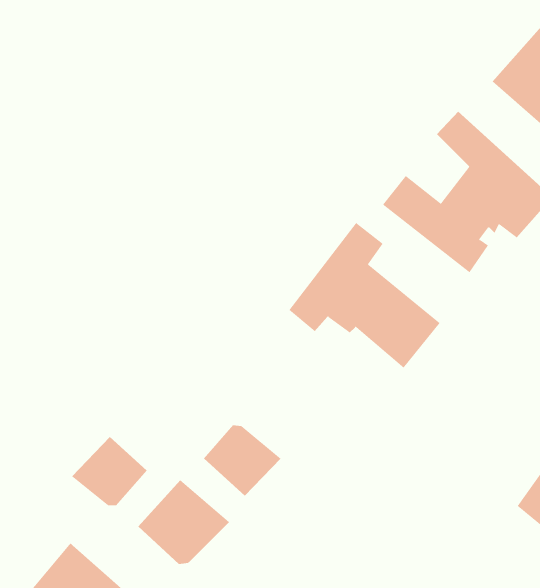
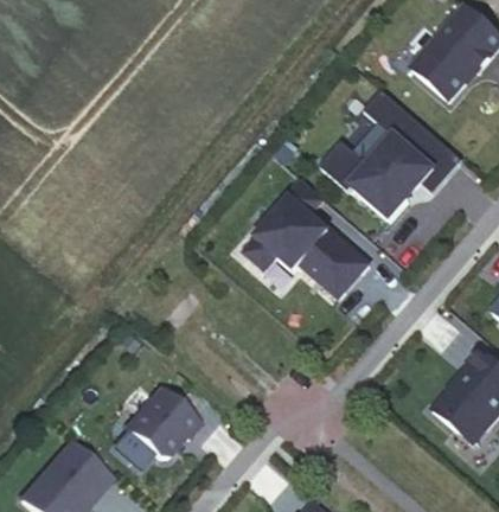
building: [203,425,282,496] -> none
building: [71,436,148,506] -> none

